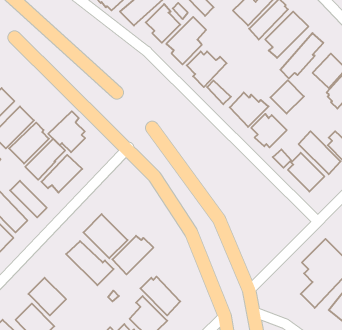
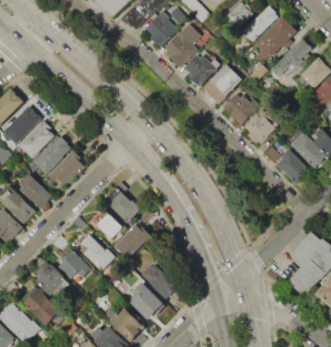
building: [270,80,304,114] -> [210,64,241,95]
building: [48,111,85,152] -> none
building: none -> [104,187,140,223]
building: none -> [58,249,90,278]

